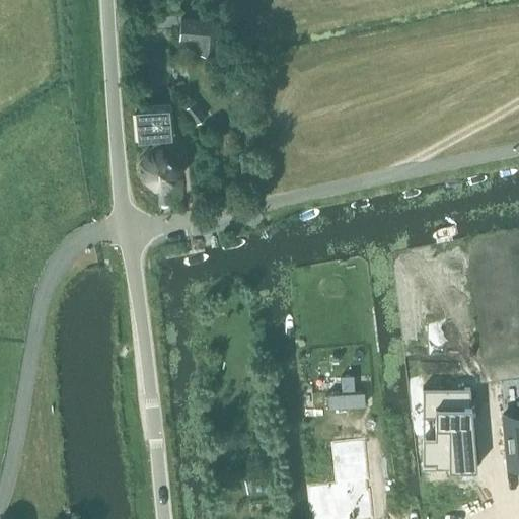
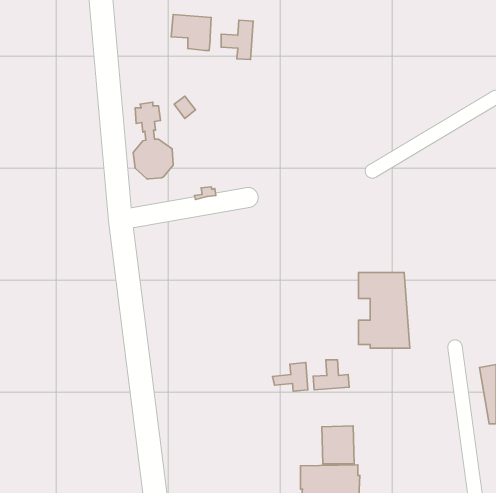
building: none -> [221,20,253,60]
building: none -> [272,363,308,391]
building: [422,391,475,470] -> [358,272,410,348]

